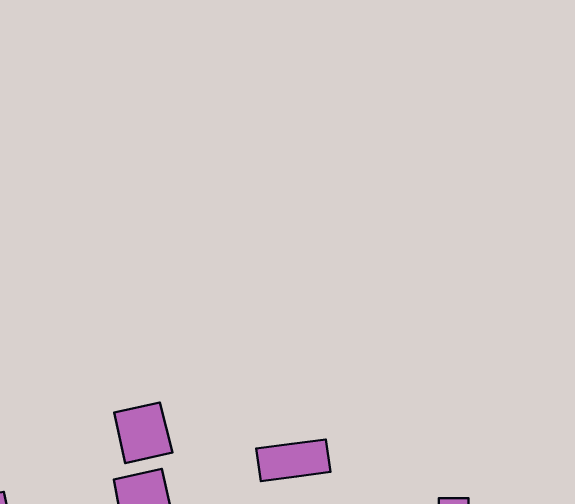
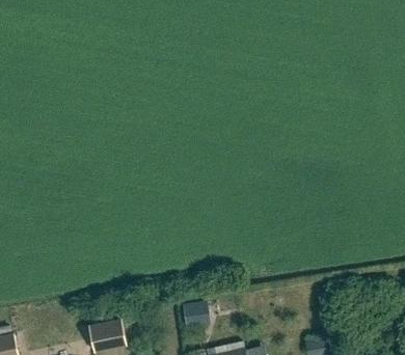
building: [114,403,173,463] -> none

